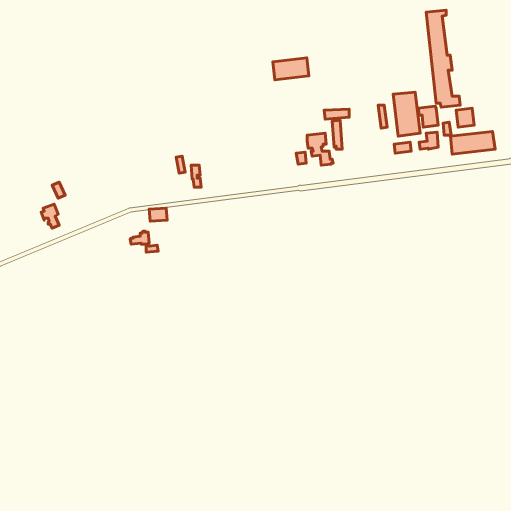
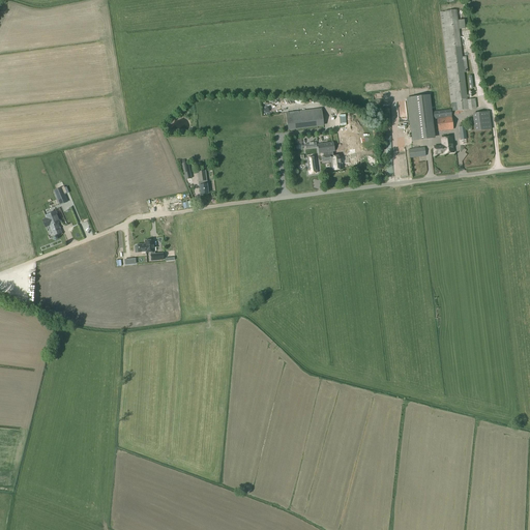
building: [273,58,309,80] -> [286,108,323,130]
building: [450,131,495,154] -> none

